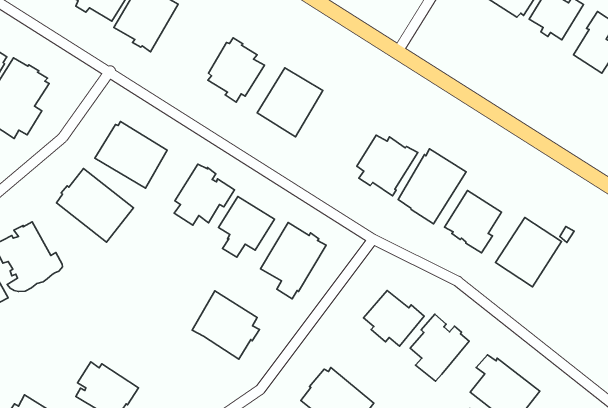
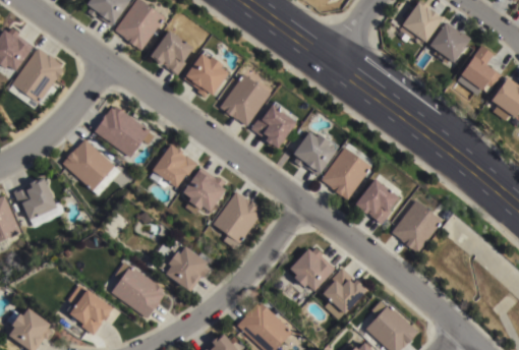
building: none -> [151,33,193,76]
building: none -> [249,99,294,143]
building: none -> [111,260,165,316]

